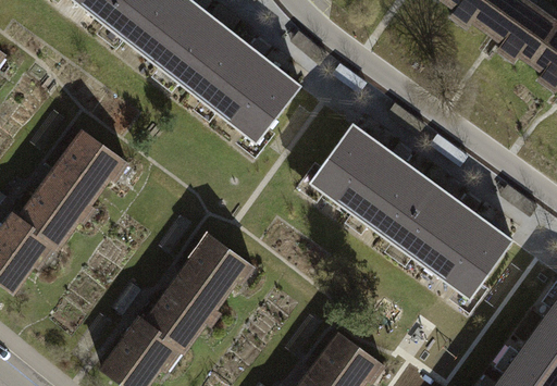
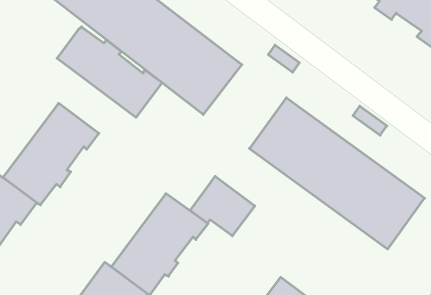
building: none -> [57,27,162,117]
building: none -> [190,176,255,236]

